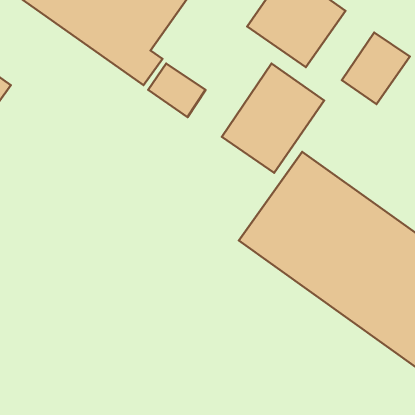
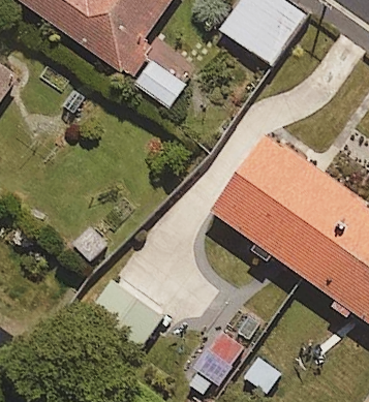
building: [222,64,324,173] -> none

